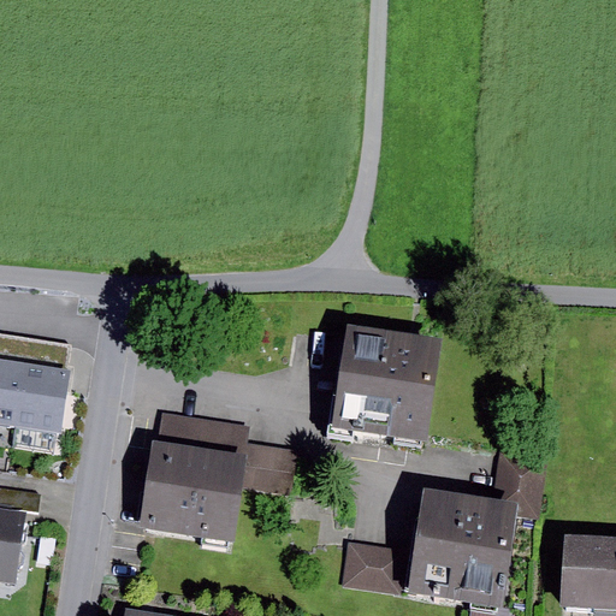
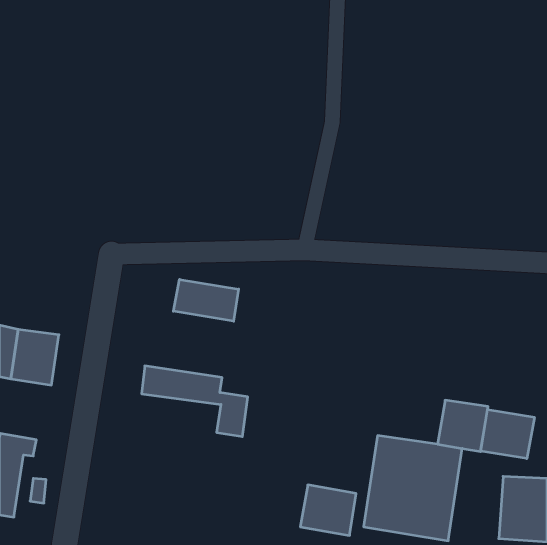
building: none -> [173,279,239,321]
building: [331,325,442,440] -> none
building: [140,440,248,540] -> none
building: none -> [481,409,534,459]

